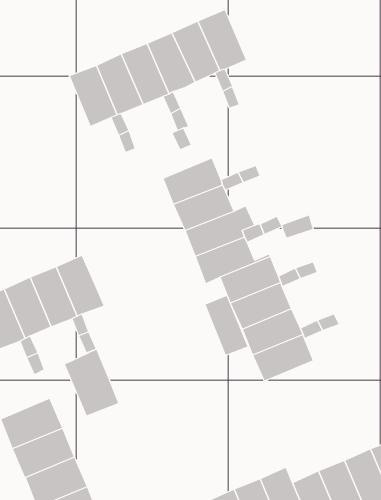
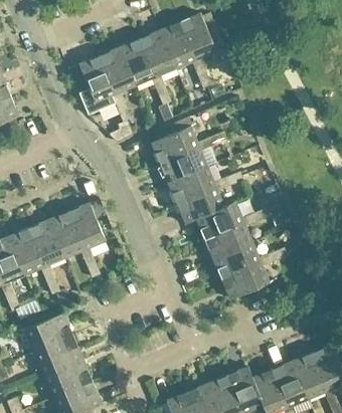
building: [205,295,248,355] -> none
building: [64,349,119,416] -> none

